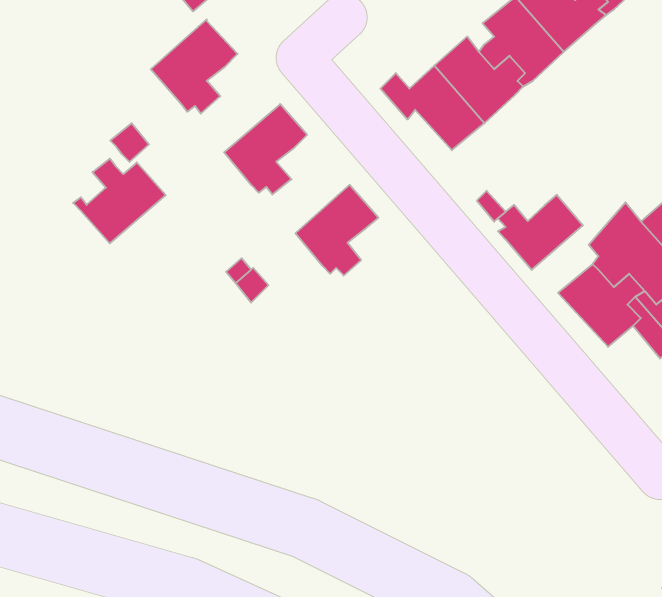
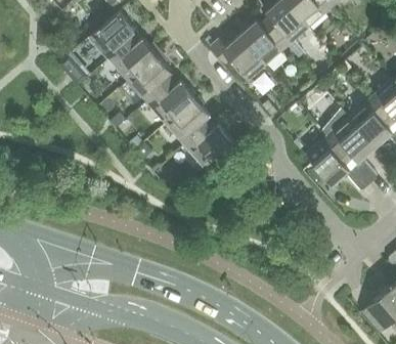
building: none -> [146,80,194,125]
building: [73,159,166,243] -> [108,37,158,82]
building: [498,195,583,270] -> none
building: none -> [184,123,232,169]

